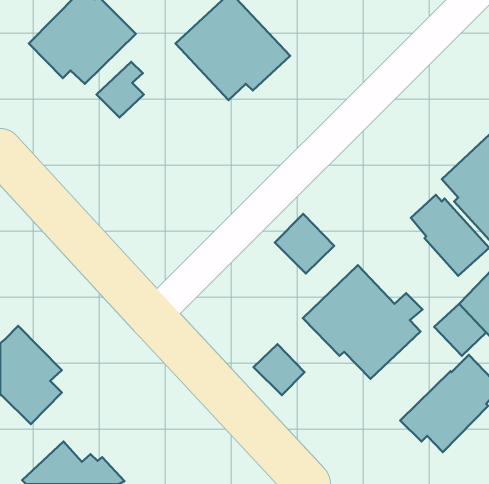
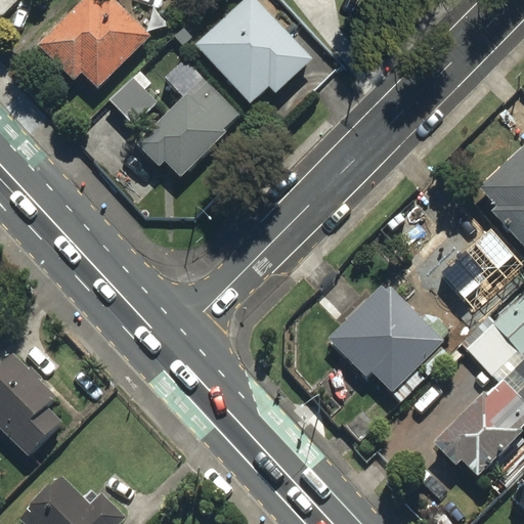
building: none -> [132,55,239,179]
building: [275,214,334,273] -> none
building: [254,344,305,395] -> none

